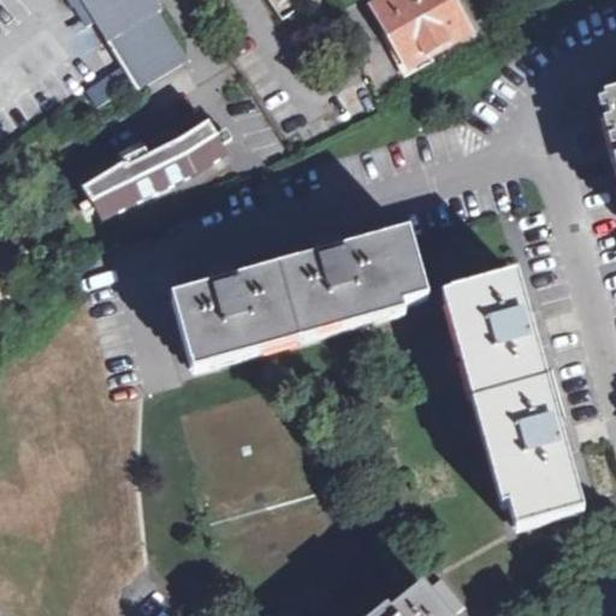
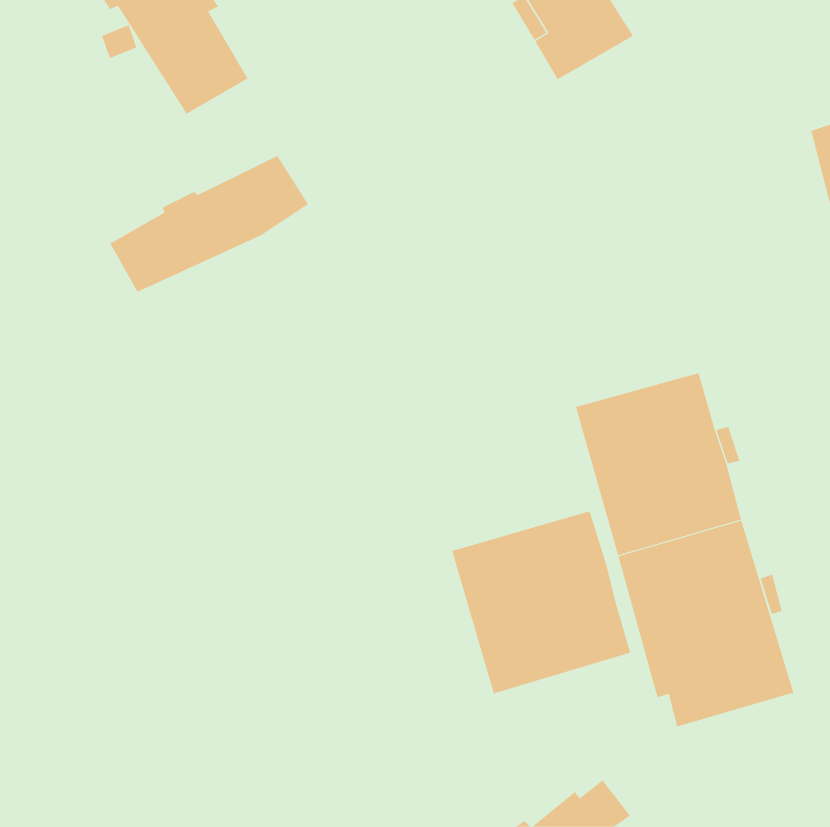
building: [178,233,424,363] -> none
building: none -> [452,510,631,694]

